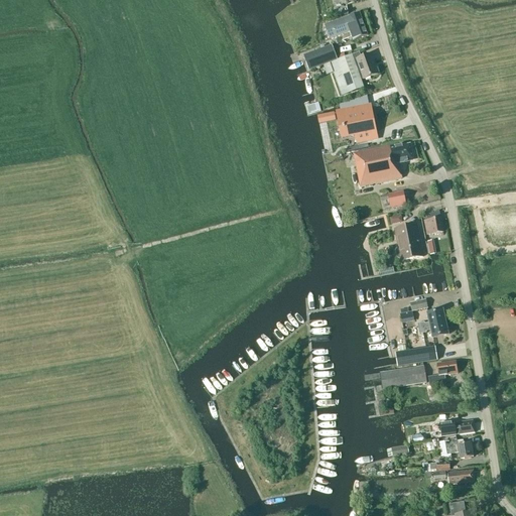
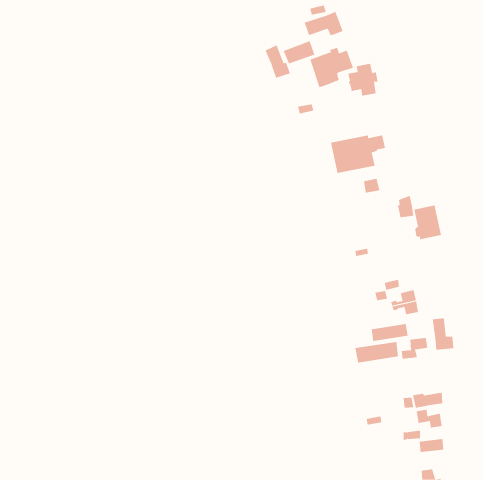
building: none -> [265,45,291,79]
building: [342,106,375,141] -> [347,63,379,96]
building: [394,223,424,260] -> [414,205,442,240]
building: none -> [432,317,454,350]

